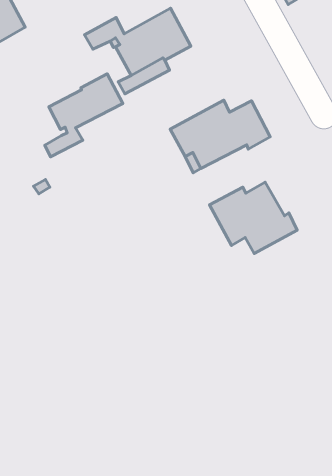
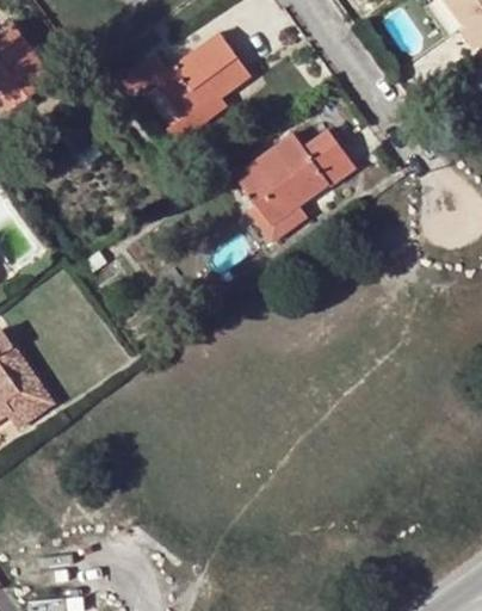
building: [45,74,123,157] -> none
building: [210,182,297,254] -> none

